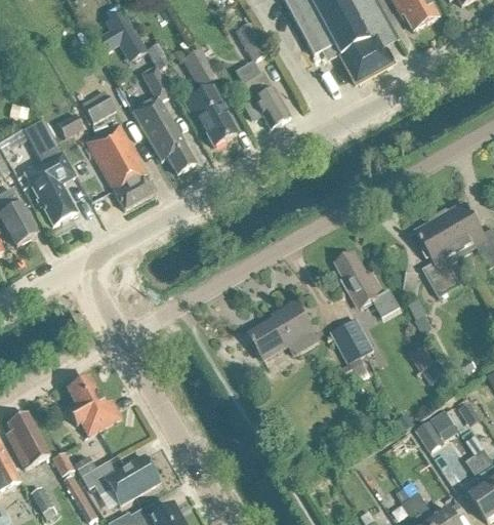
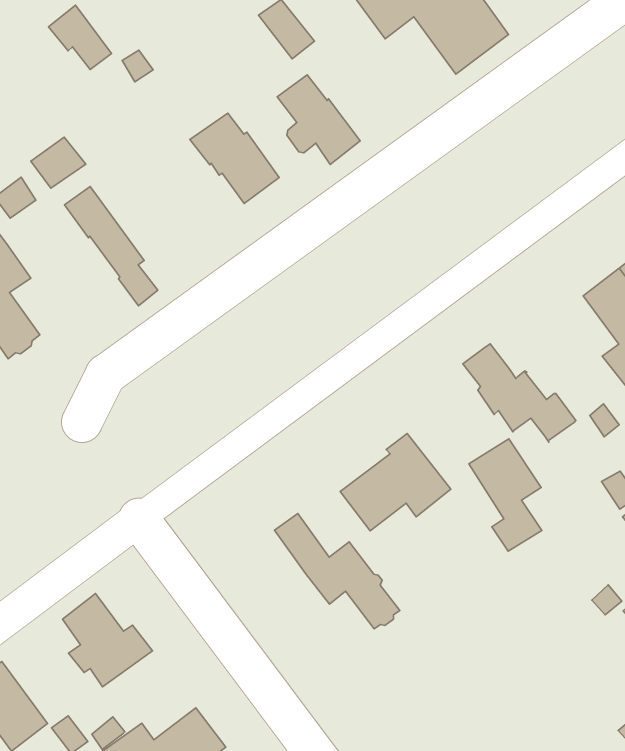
building: [182,49,219,89] -> none
building: [132,67,194,173] -> none
building: [85,132,138,209] -> none
building: none -> [274,514,400,629]

